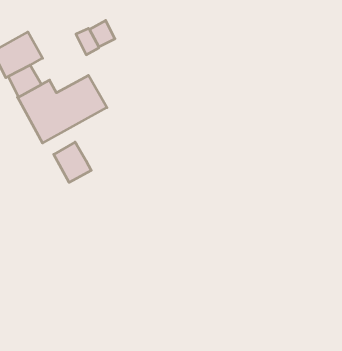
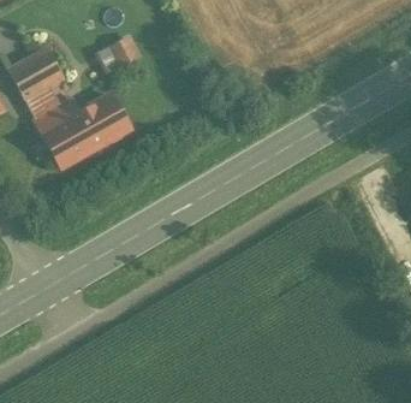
building: [54,142,91,182] -> none

